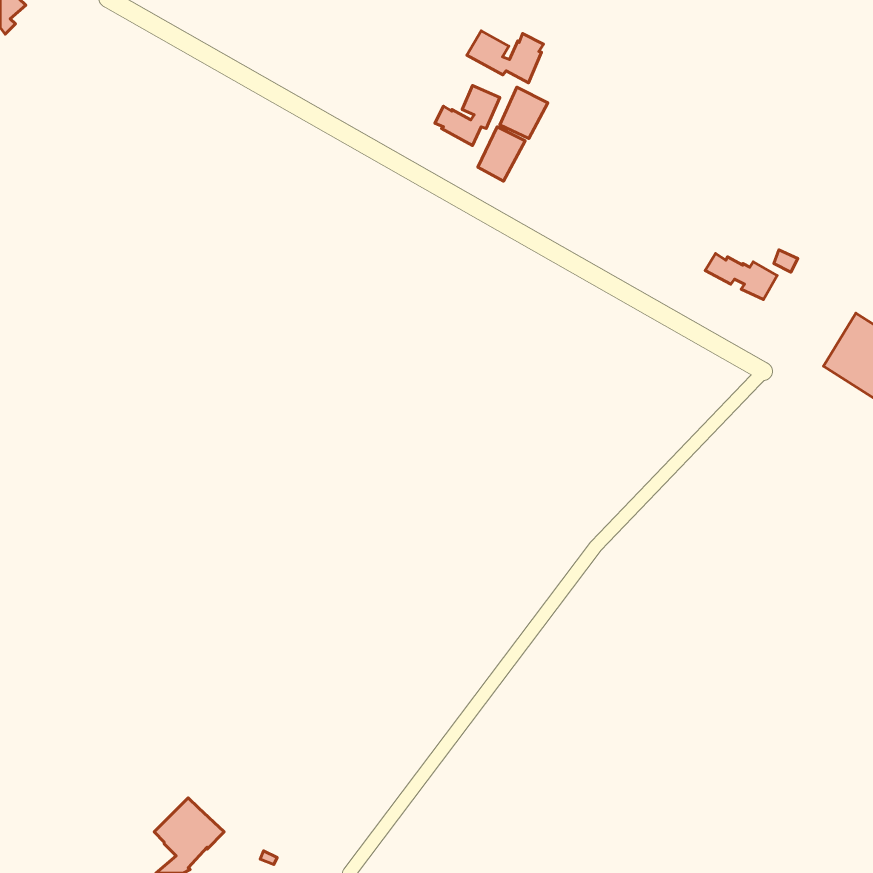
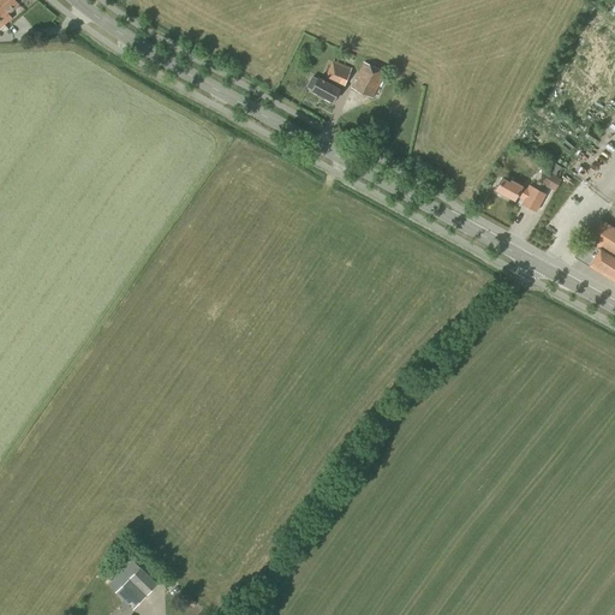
building: [467,31,544,83] -> none
building: [478,127,525,181] -> none

